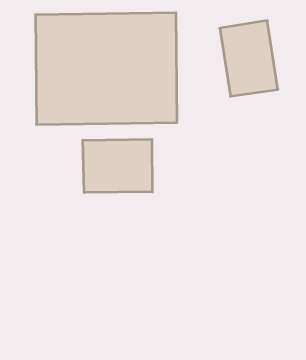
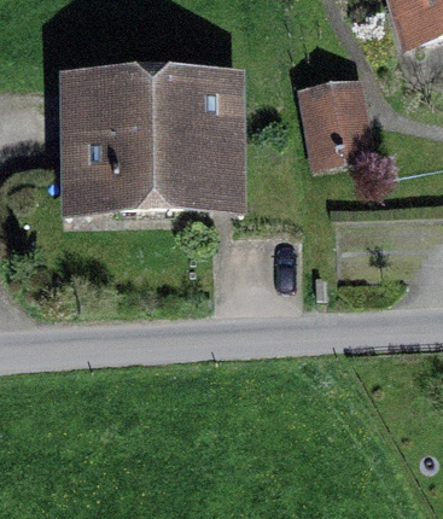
building: [83,139,152,193] -> none

